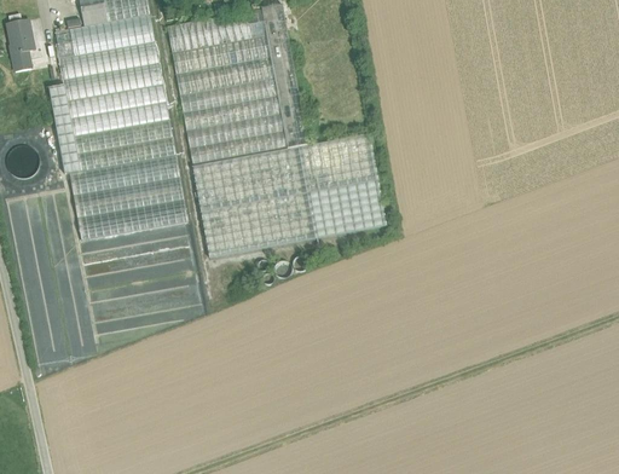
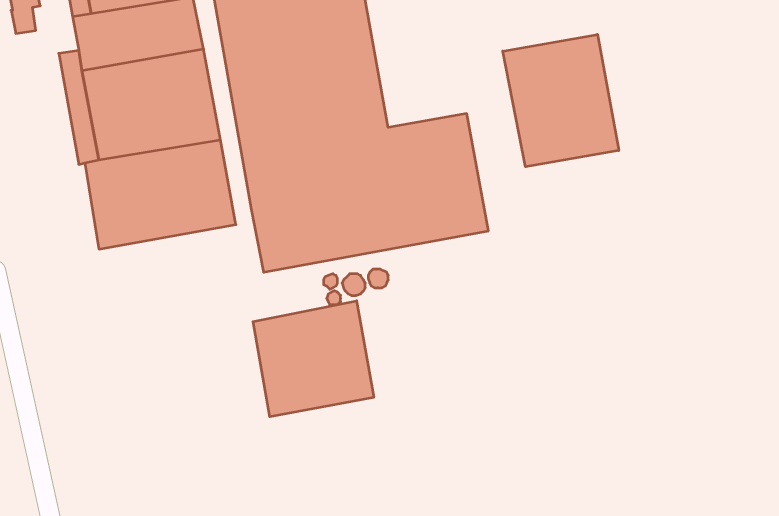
building: none -> [503,34,619,167]
building: none -> [253,301,374,417]

